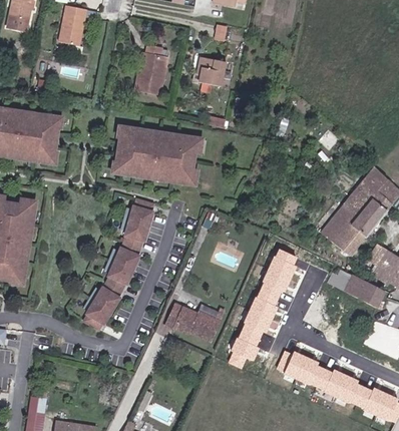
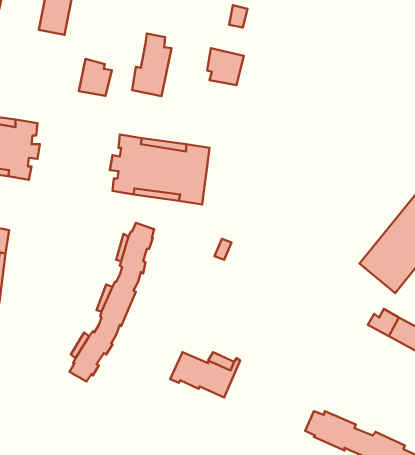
building: none -> [79,59,112,96]
building: [230,249,295,369] -> none

